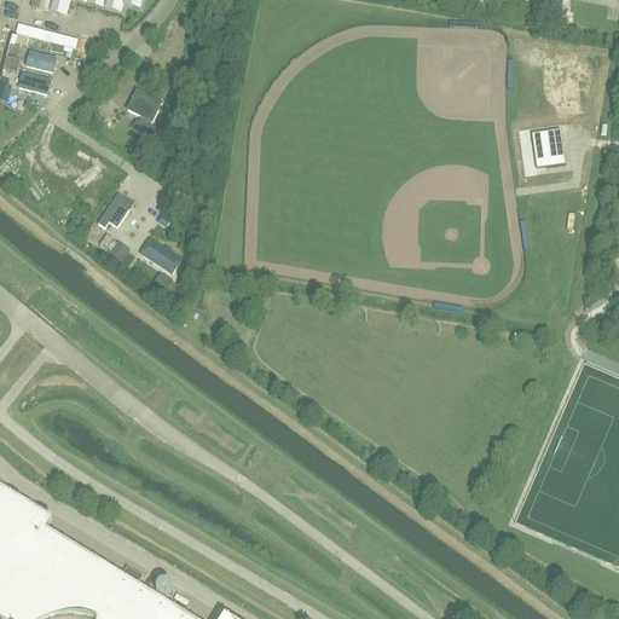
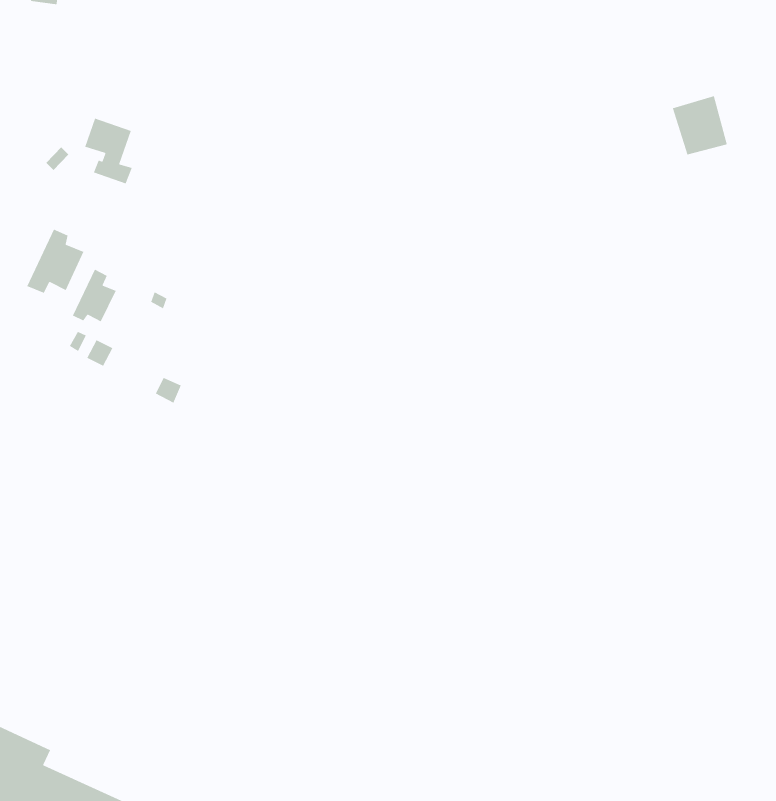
building: none -> [26,228,85,294]
building: [145,237,186,273] -> none

